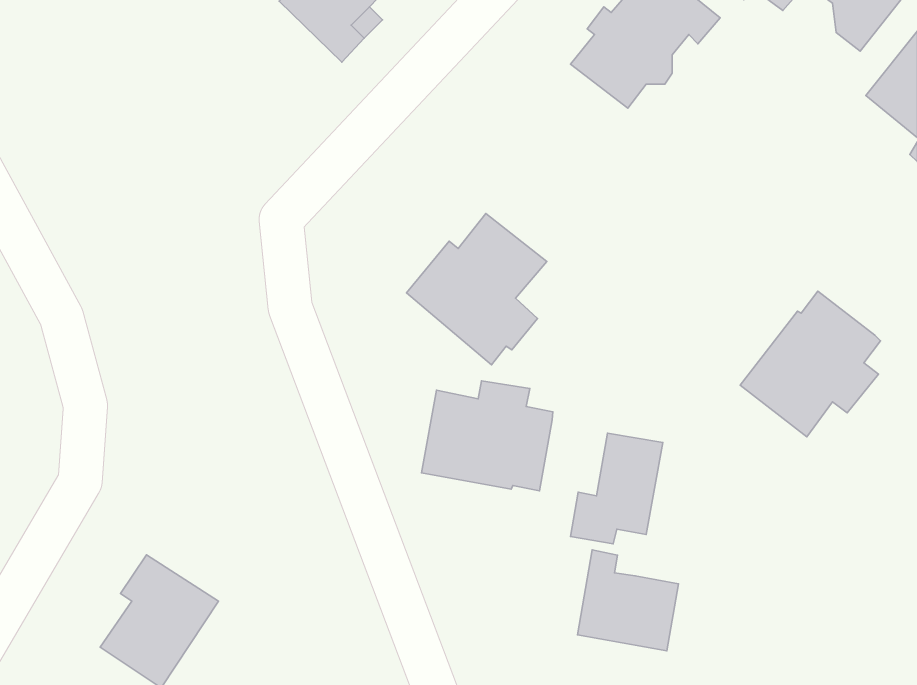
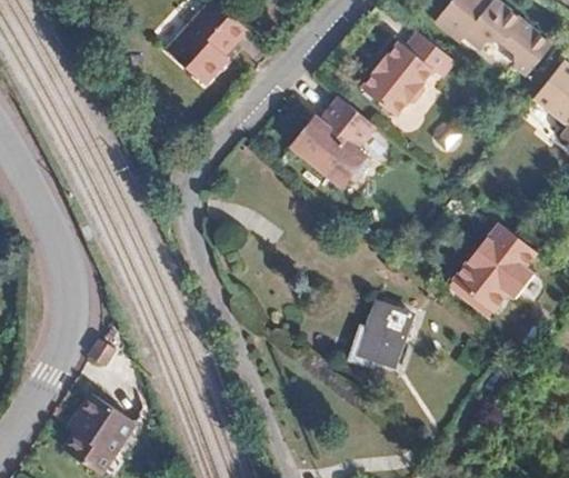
building: [407,213,547,365] -> [290,98,375,189]
building: [422,381,553,491] -> none
building: [578,550,679,651] -> none

